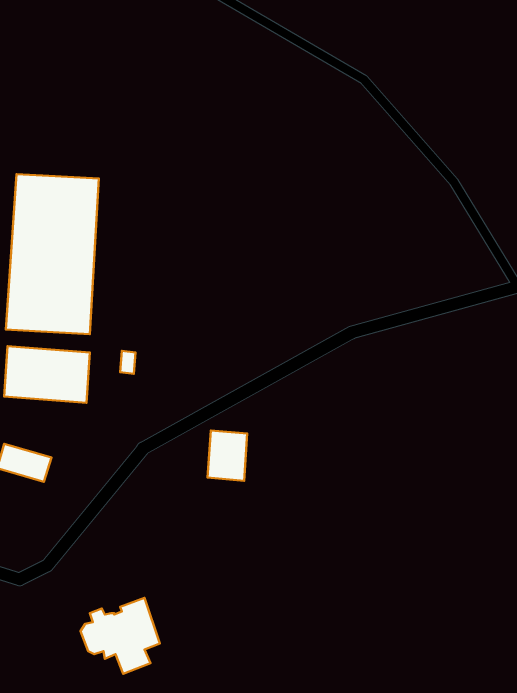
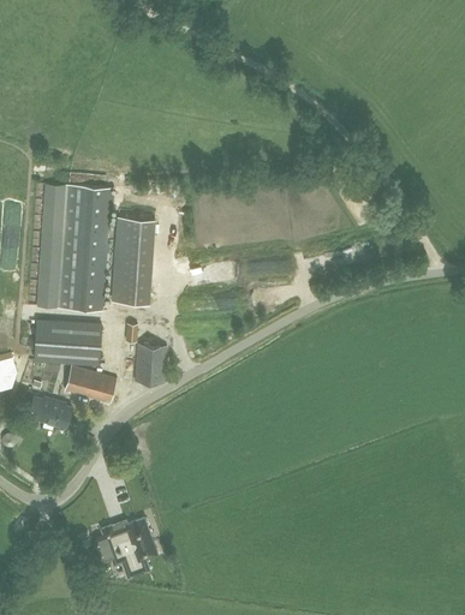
building: none -> [112,215,154,301]
building: none -> [65,364,118,401]
building: [208,430,247,481] -> [136,342,167,382]

